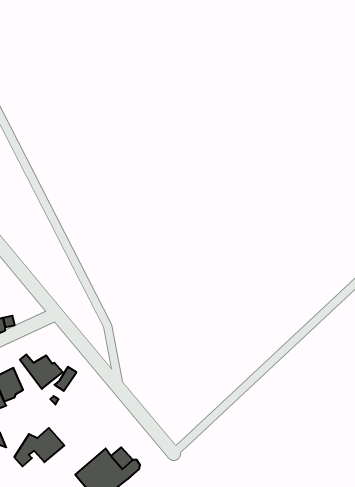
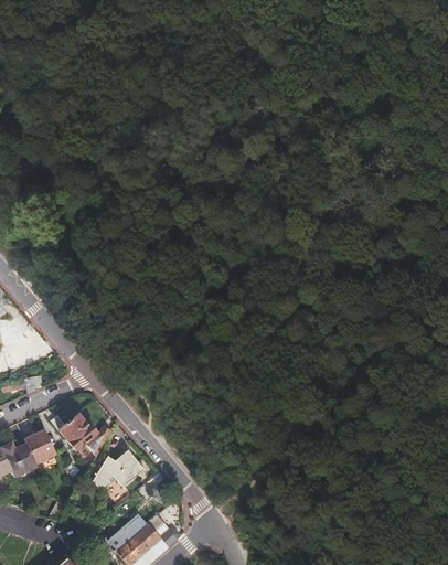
building: [14,428,64,466] -> [89,449,142,490]

